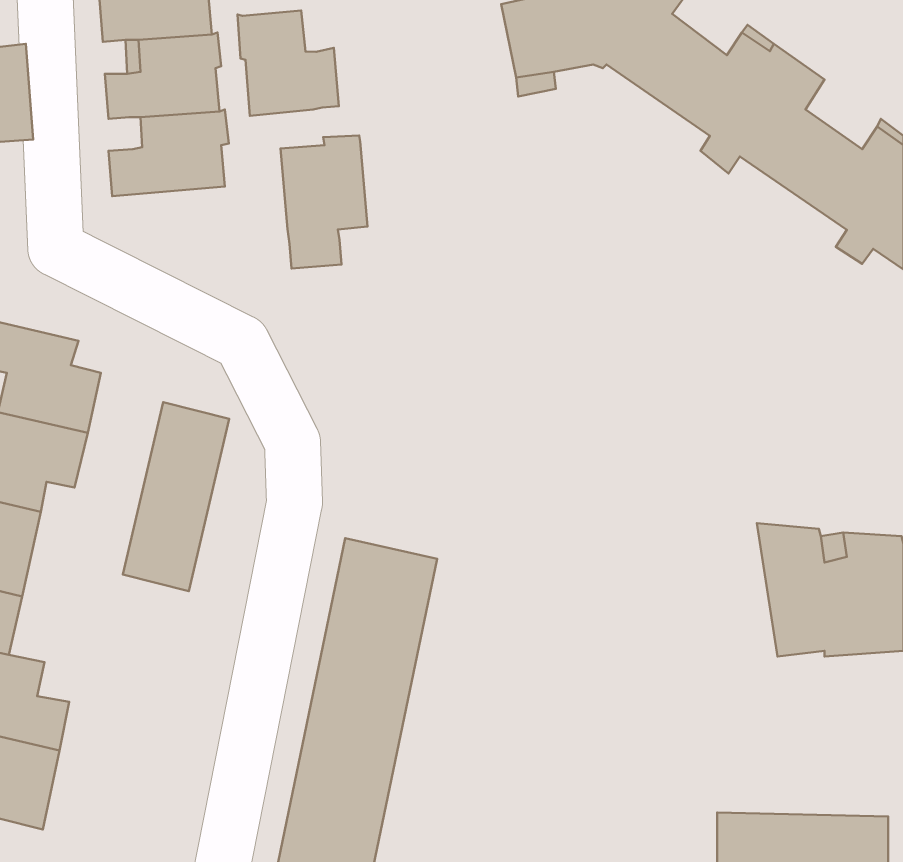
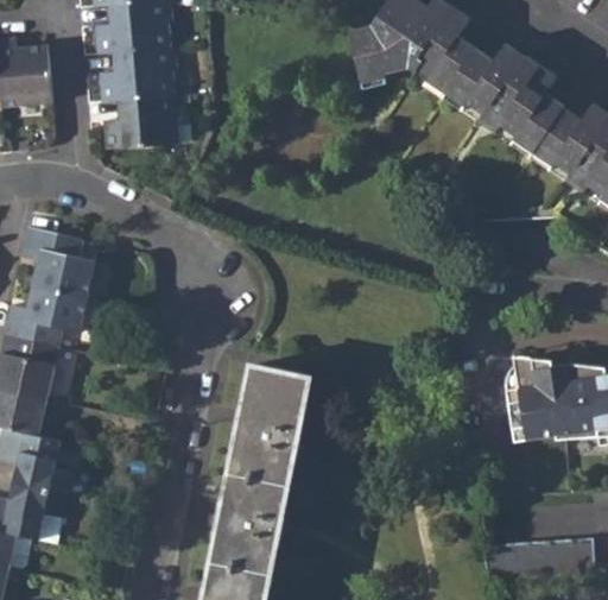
building: [238,10,339,116] -> none
building: [281,135,368,269] -> none
building: [123,402,229,591] -> none

